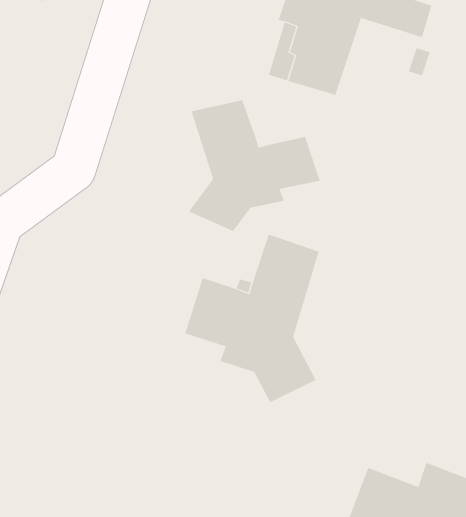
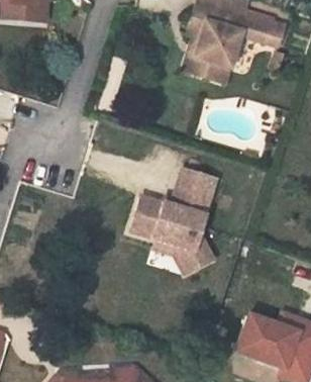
building: [188,99,321,232] -> none

